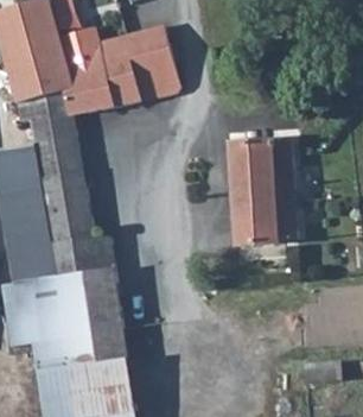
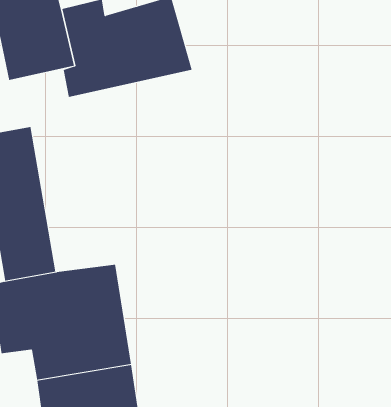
building: [14,91,117,273] -> none
building: [236,143,292,242] -> none

